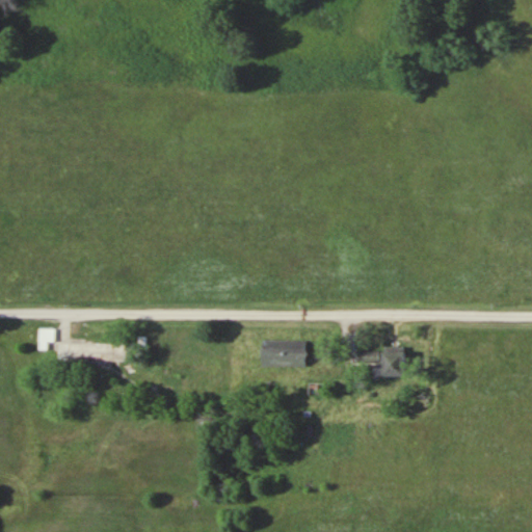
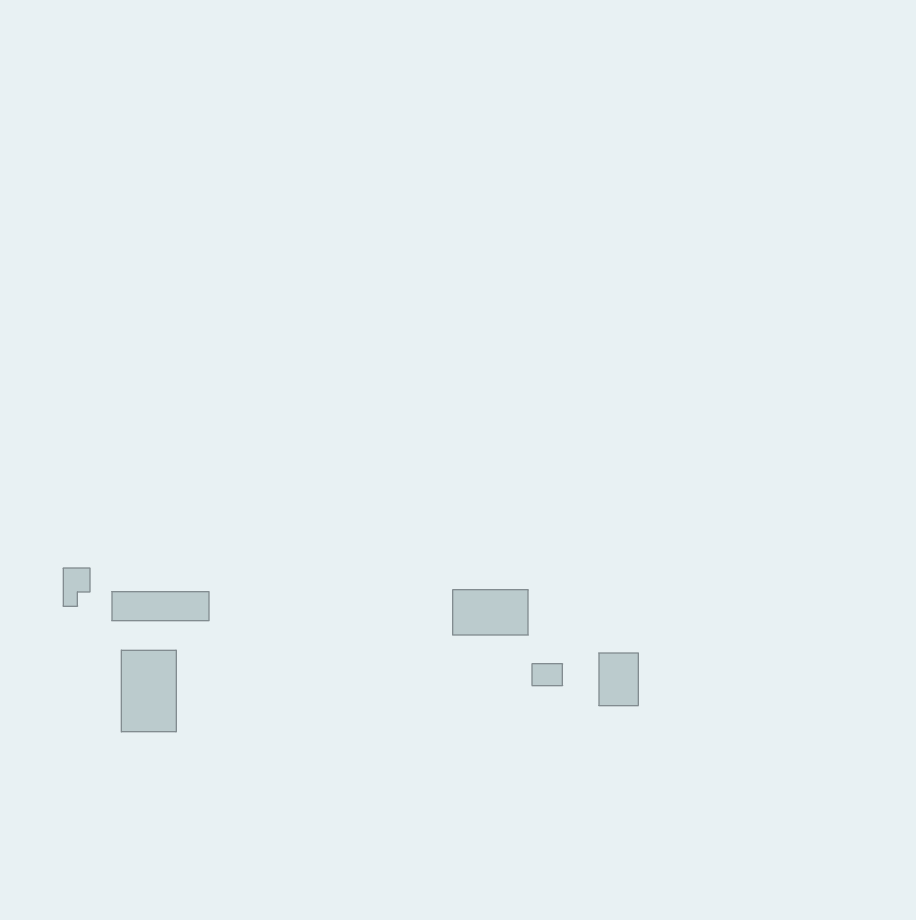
building: [381,348,404,378] -> [599,653,638,705]
building: none -> [121,650,176,732]

